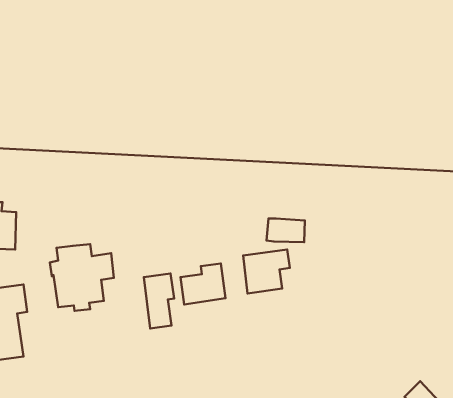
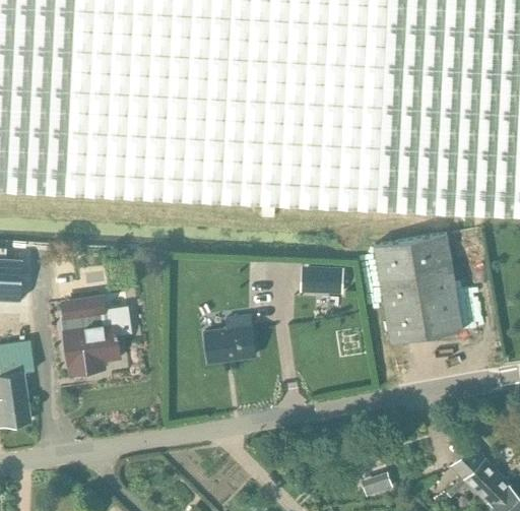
building: none -> [374,233,464,342]
building: [243,249,290,293] -> none
building: [144,273,174,329] -> none

